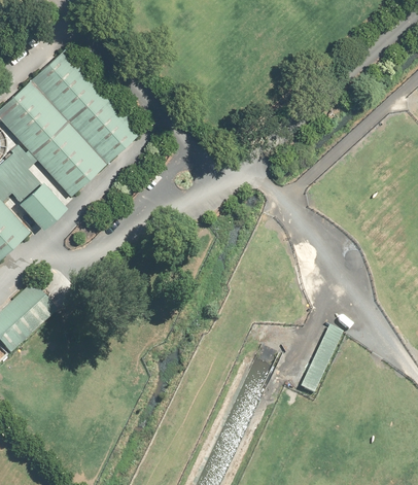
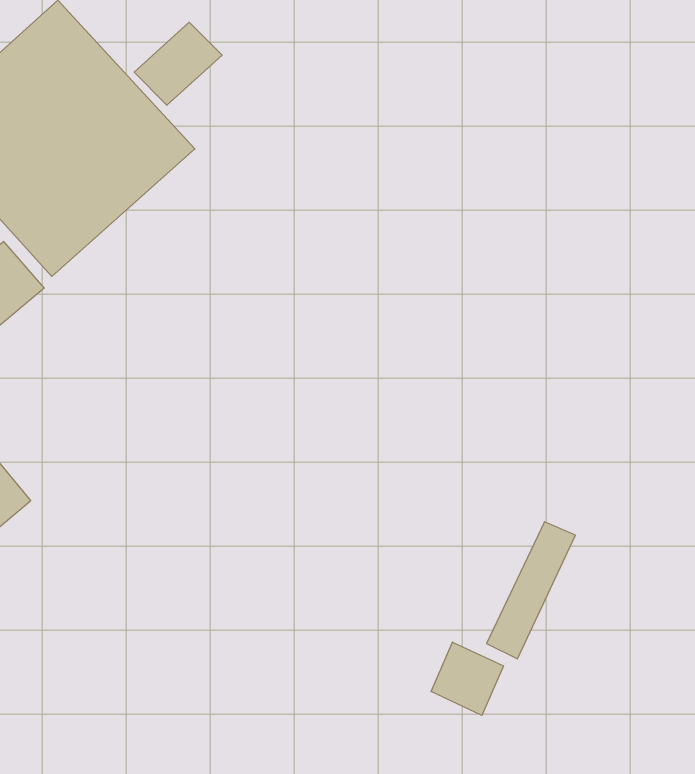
building: none -> [134,22,222,105]
building: none -> [431,642,503,715]

